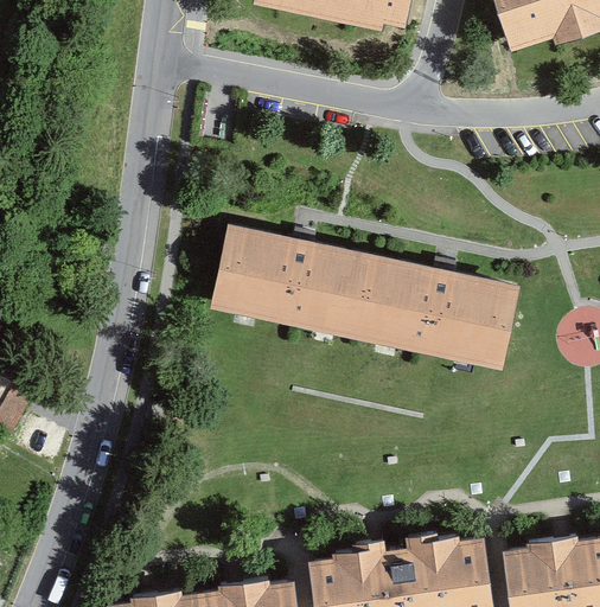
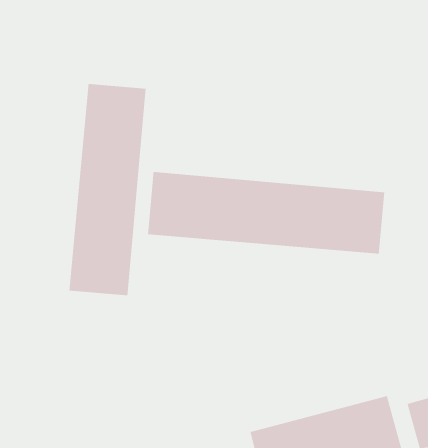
building: none -> [68,83,146,296]

